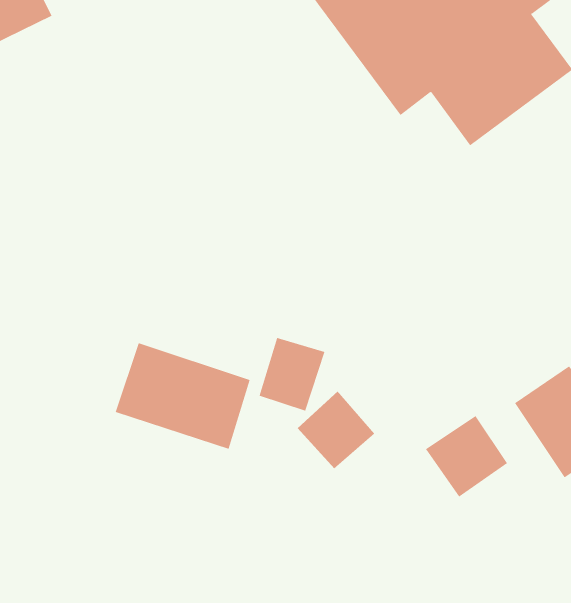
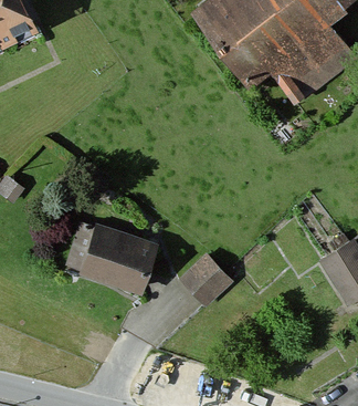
building: [259,337,325,412] -> none
building: [425,415,508,497] -> none

